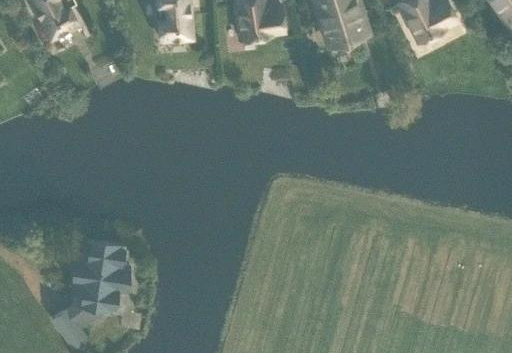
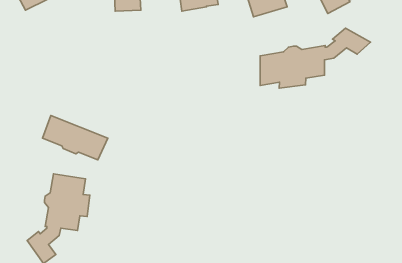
building: none -> [260,28,370,88]
building: none -> [43,116,108,160]

